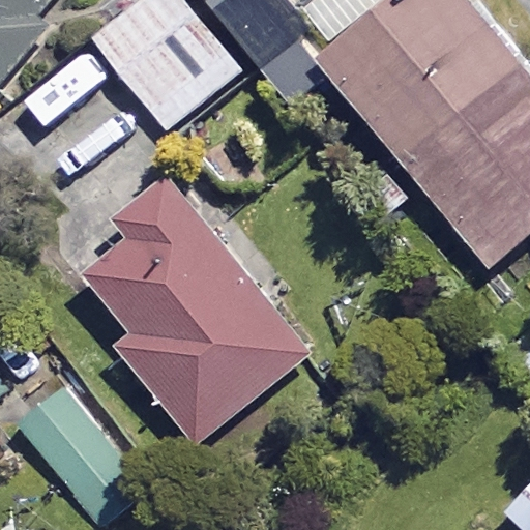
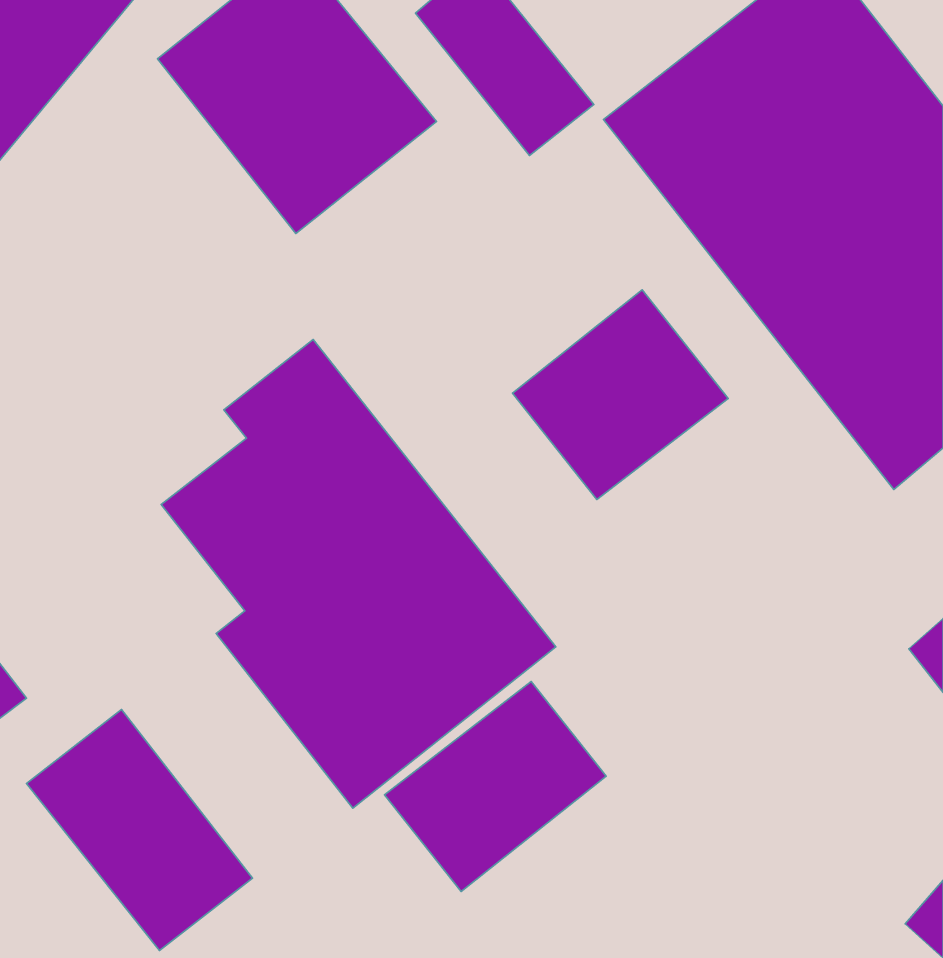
building: none -> [513,290,728,499]
building: none -> [385,682,606,891]

